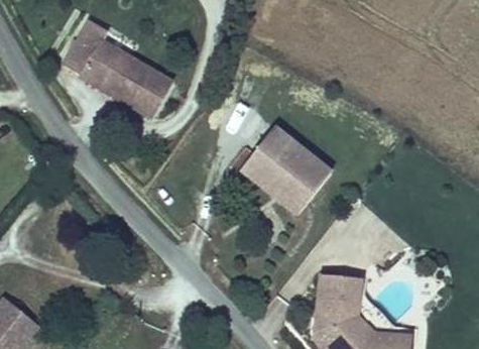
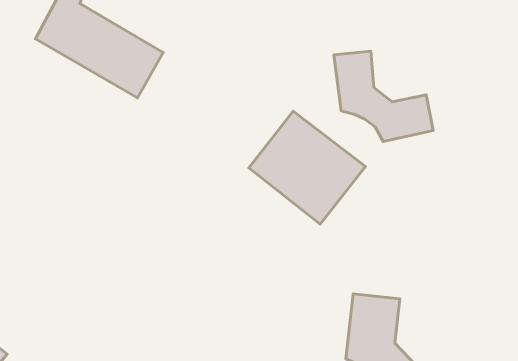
building: none -> [334,51,433,141]

